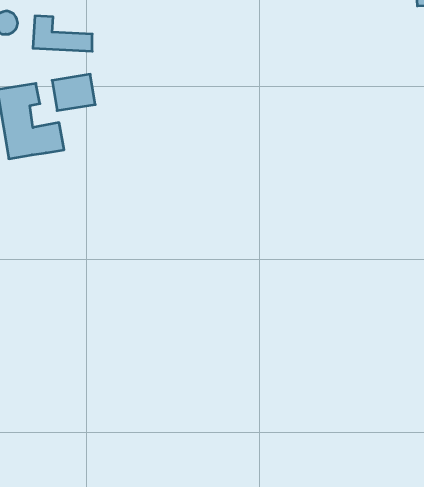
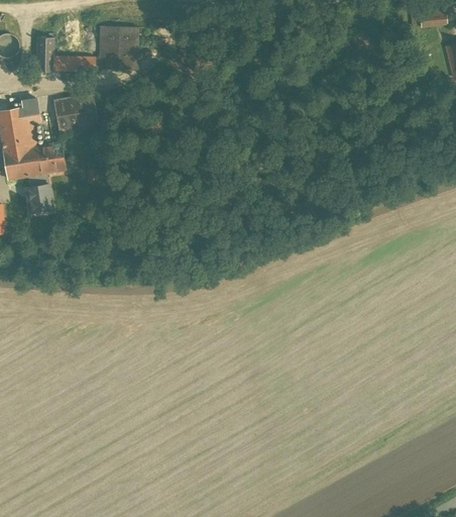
building: none -> [98,25,138,69]
building: none -> [22,174,51,212]

